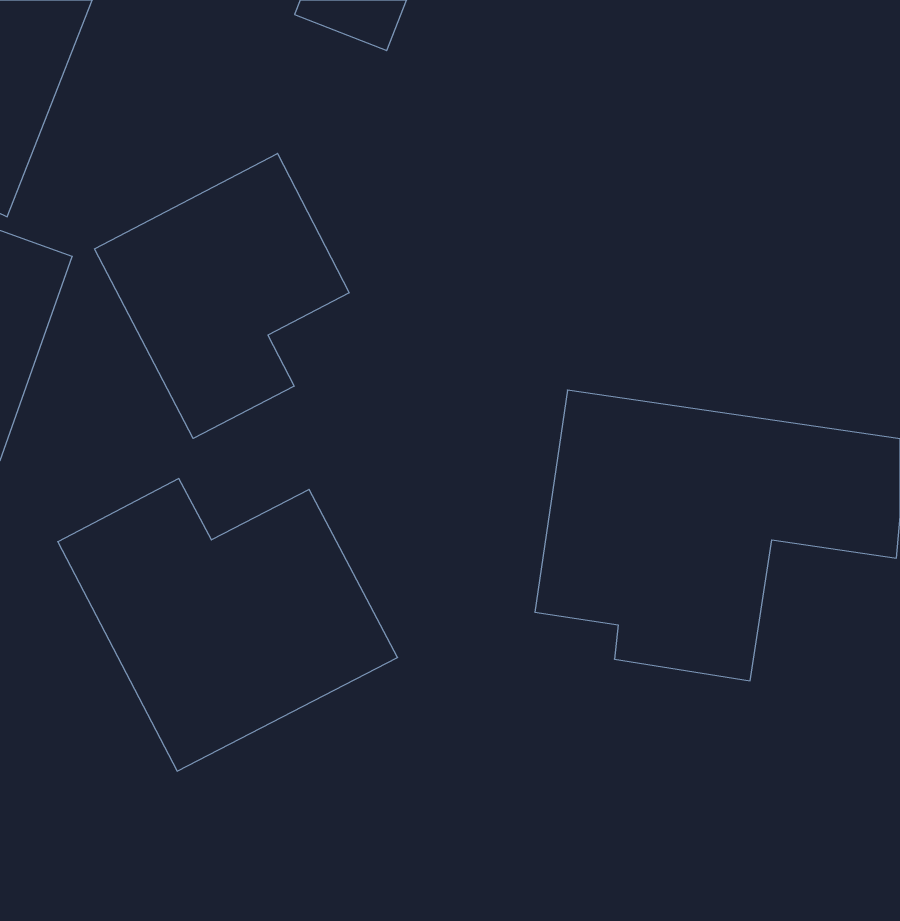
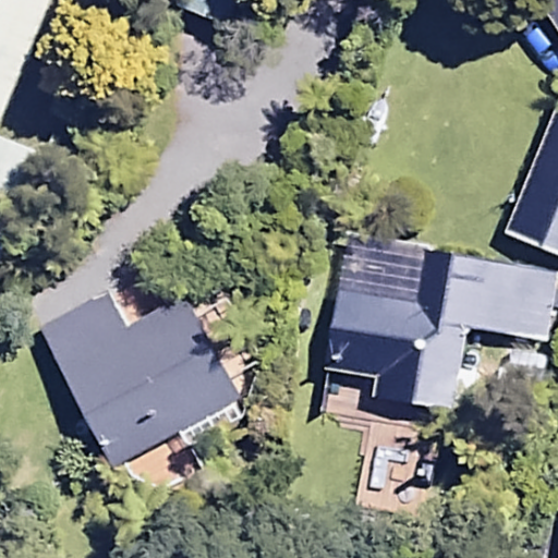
building: [95,153,349,438] -> none

